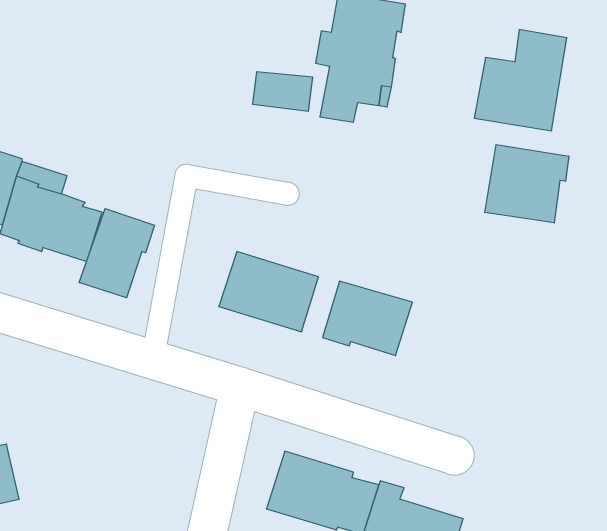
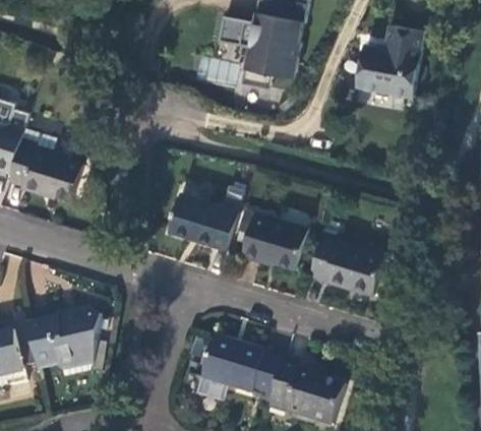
building: [485,145,569,223] -> none
building: [79,209,155,298] -> none
building: none -> [311,231,385,293]
building: none -> [31,309,103,367]

